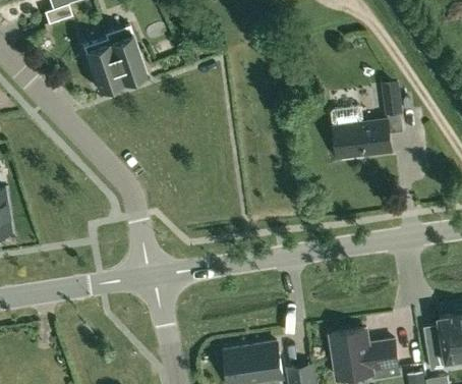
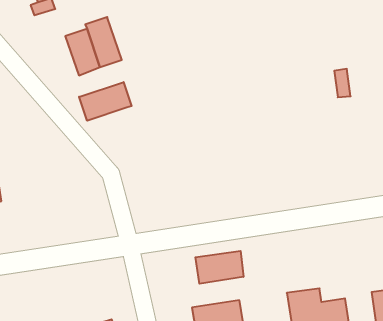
building: none -> [79,82,132,121]
building: [332,108,392,158] -> none
building: none -> [195,251,243,284]

